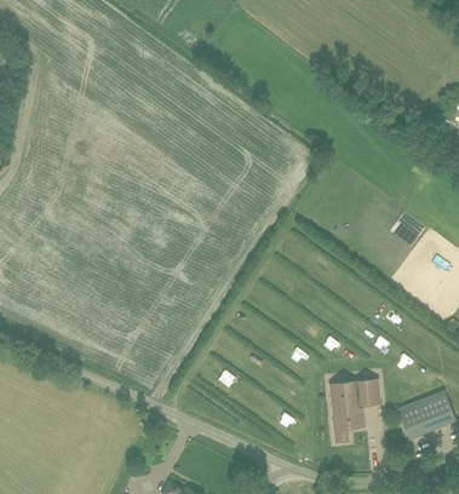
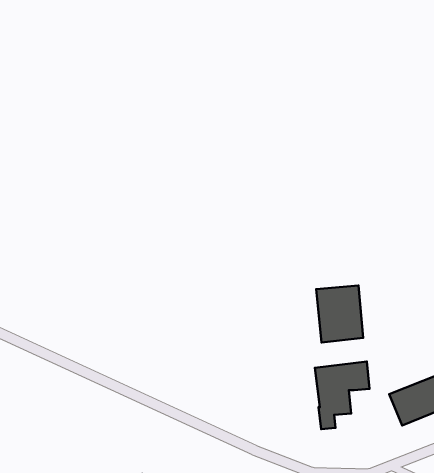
building: none -> [316,286,363,343]

